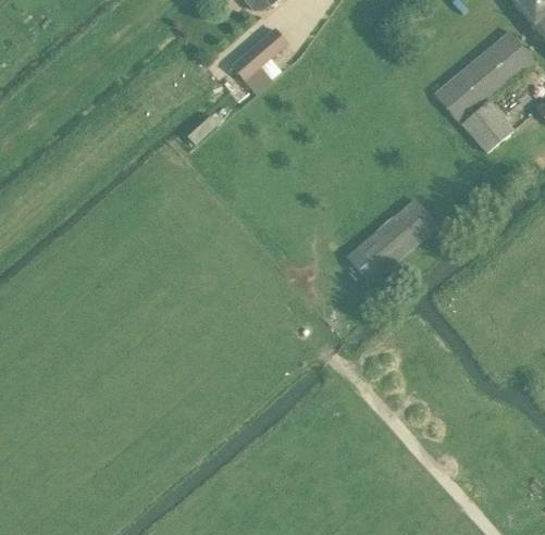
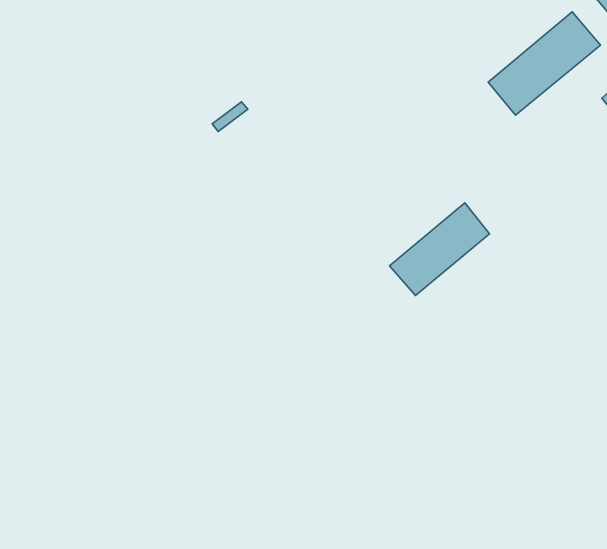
building: [232,27,288,79] -> none
building: [463,102,512,152] -> none

